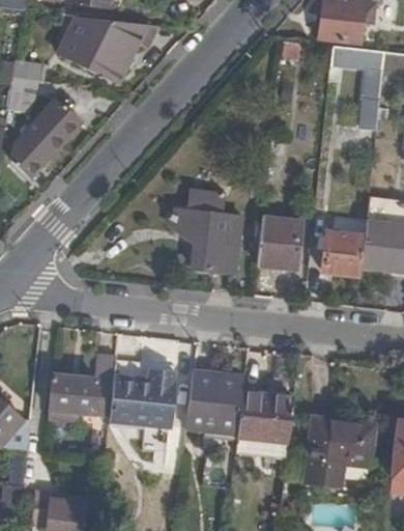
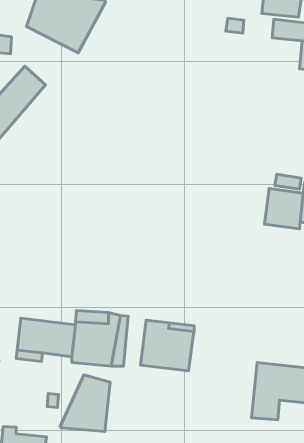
building: [169,191,240,273] -> none
building: [257,215,299,267] -> none
building: [238,393,293,444] -> none
building: none -> [60,375,110,432]

